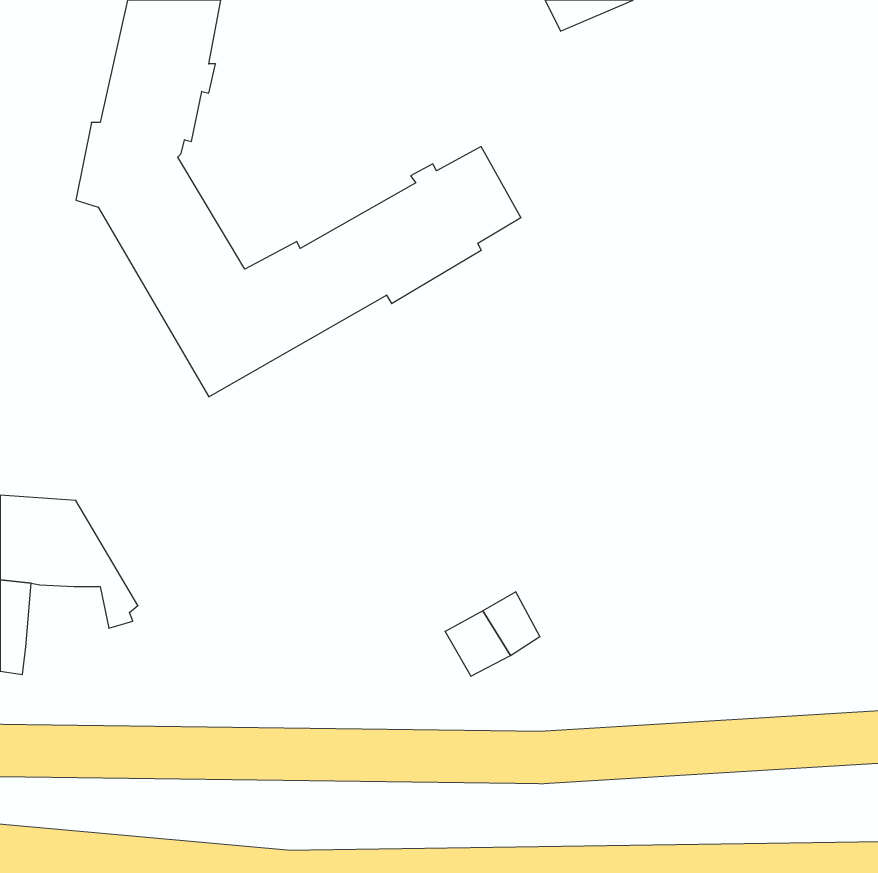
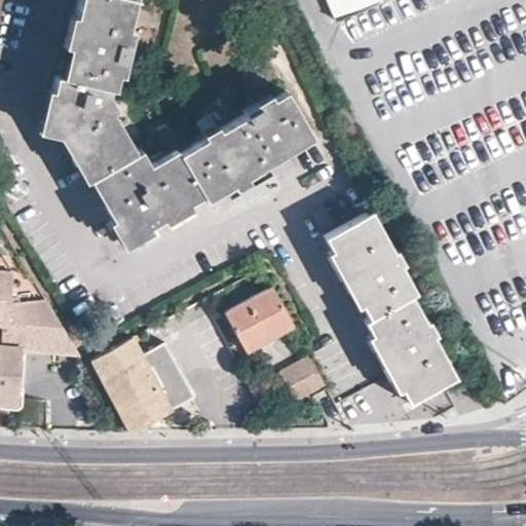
building: none -> [326,213,457,406]
building: none -> [225,290,294,353]
building: none -> [91,340,194,434]

